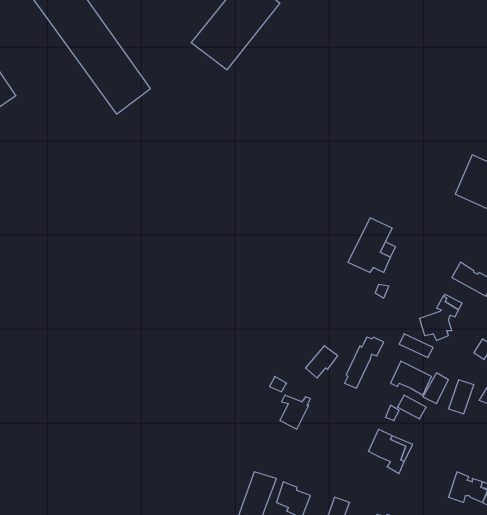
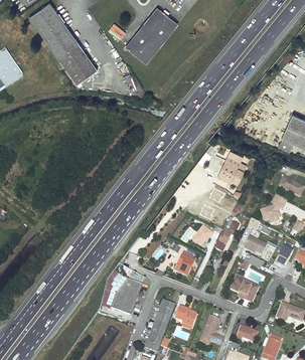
building: none -> [111,279,140,313]

